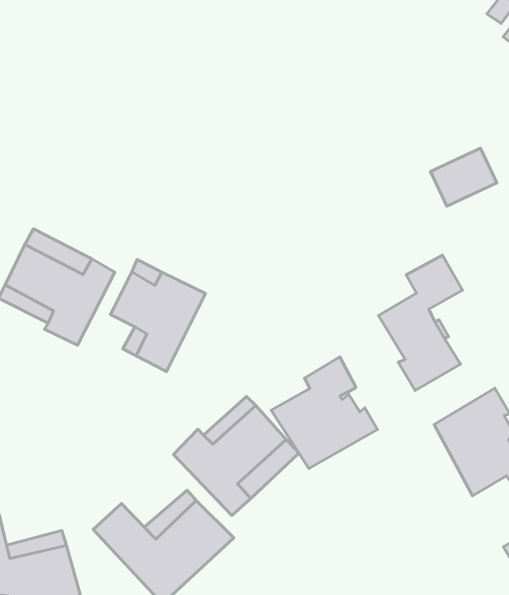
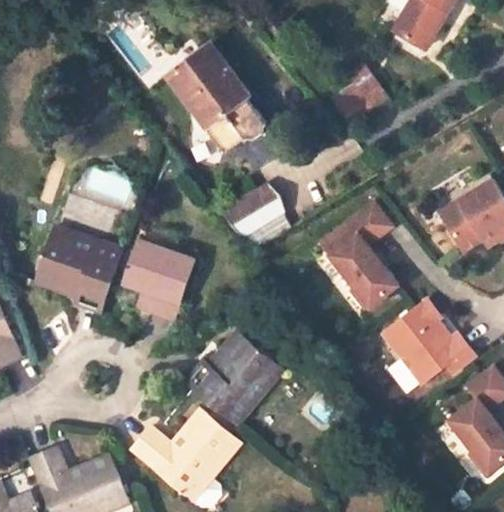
building: none -> [170,44,265,152]
building: [431,148,497,206] -> [334,71,386,119]
building: none -> [223,187,292,252]
building: [271,357,377,468] -> none

